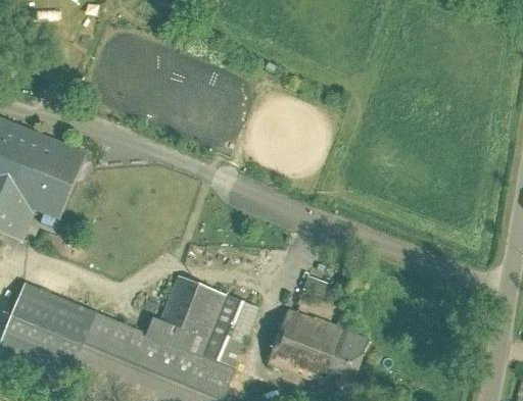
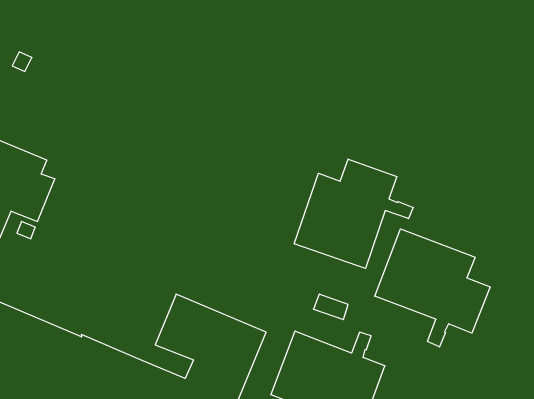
building: none -> [294,159,413,268]
building: none -> [375,229,490,347]

